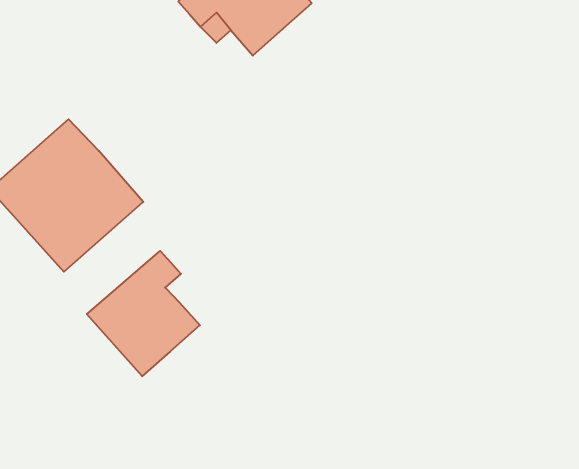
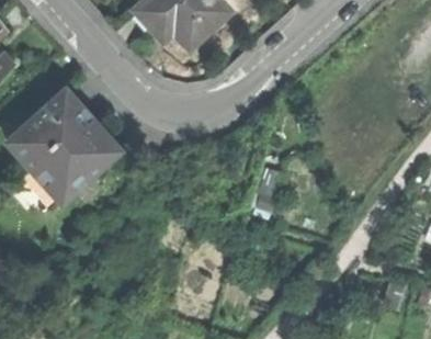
building: [87,251,200,376] -> none

